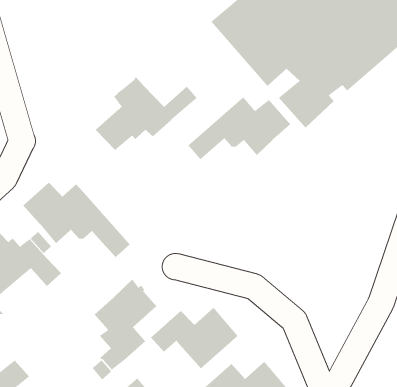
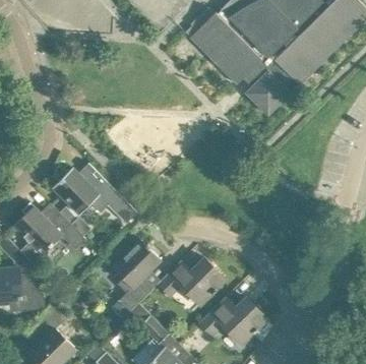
building: [95,76,198,151] -> none
building: [187,97,291,160] -> none

